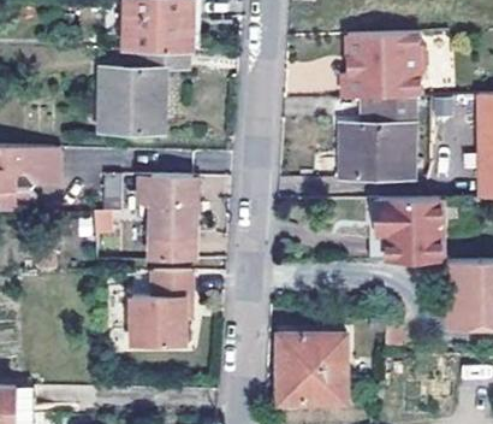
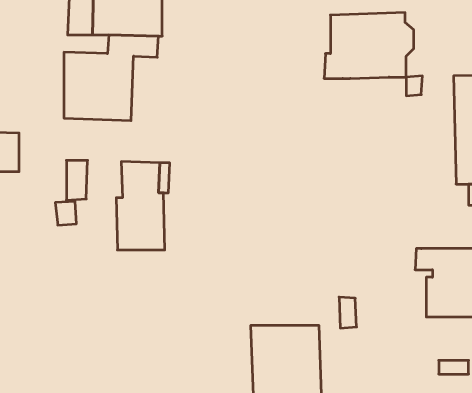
building: [337,93,411,176] -> none
building: [376,196,442,260] -> none
building: [133,271,192,349] -> none

